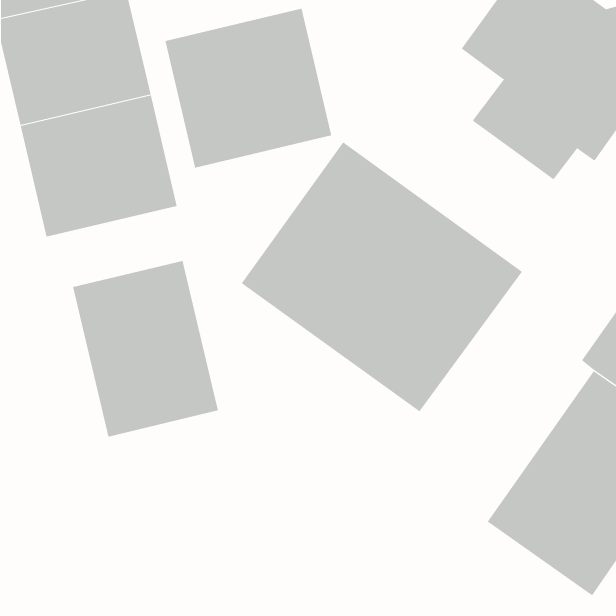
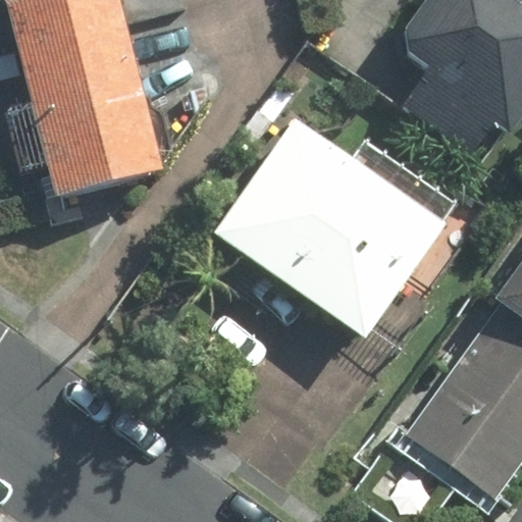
building: [165,8,332,169] -> none
building: [73,260,219,437] -> none

